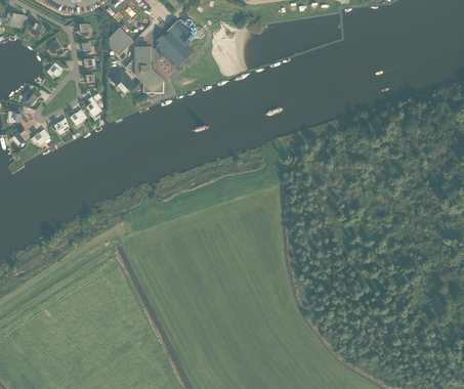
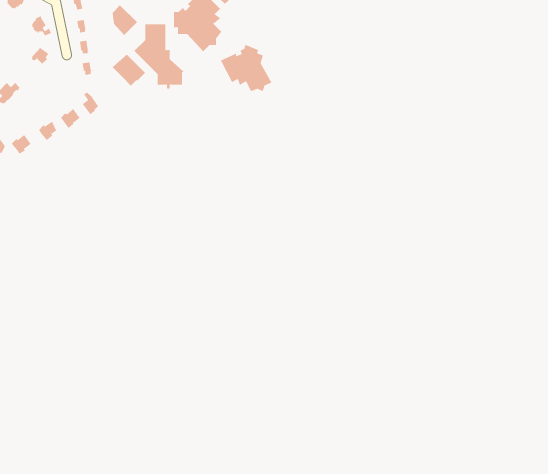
building: none -> [220,43,272,92]

